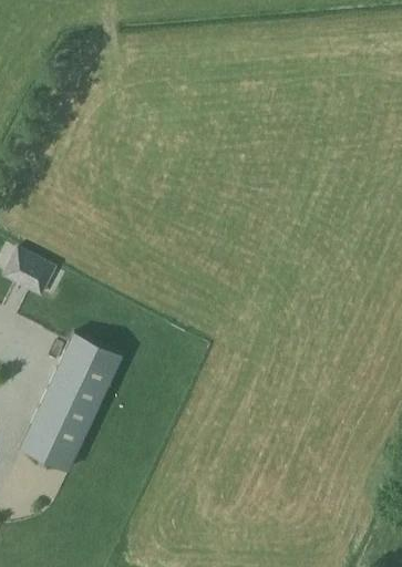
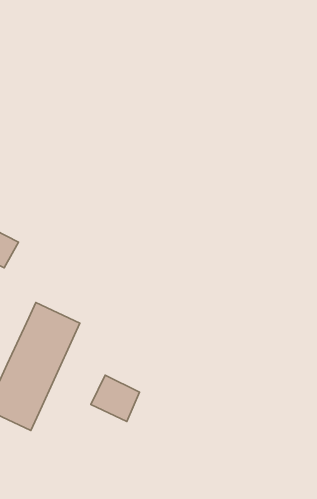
building: none -> [91,375,140,422]

